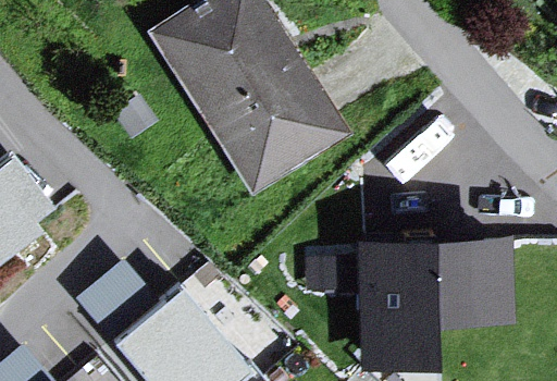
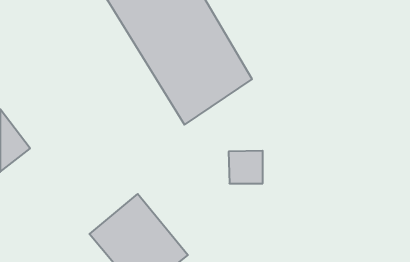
building: [366,239,515,365] -> none

